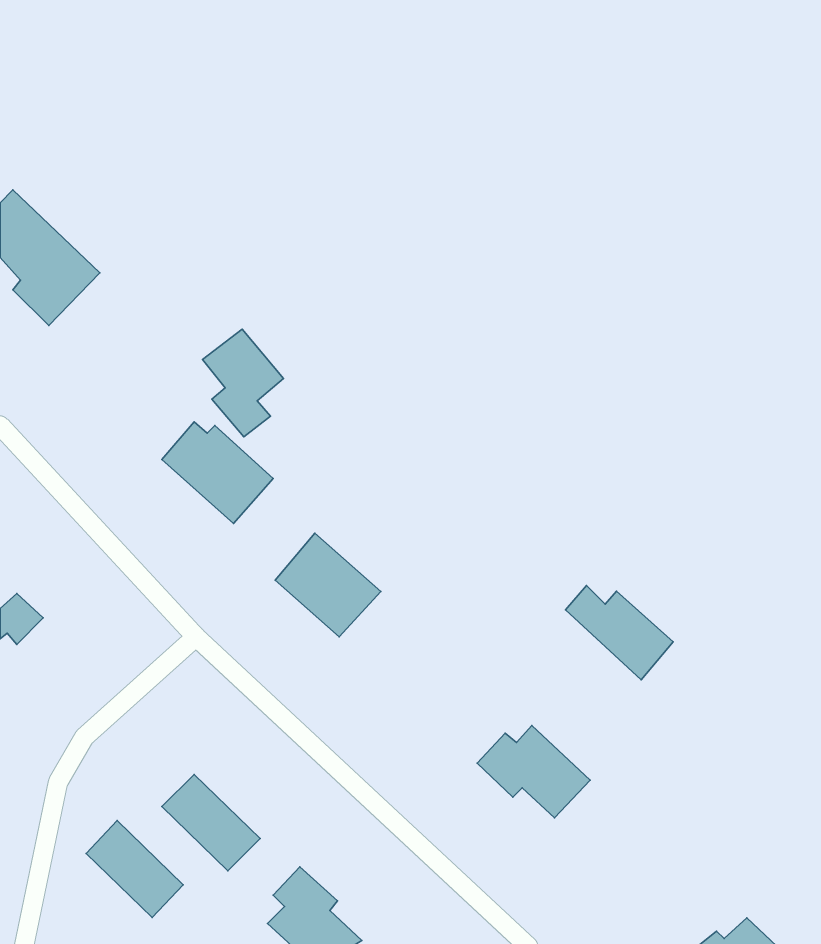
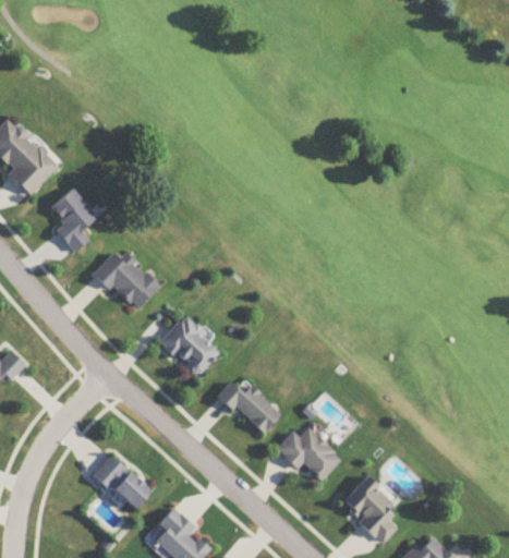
building: [202,329,284,437] -> [50,190,97,252]
building: [566,585,673,680] -> [218,380,280,435]
building: none -> [340,477,396,544]
building: [86,821,183,918] -> none

